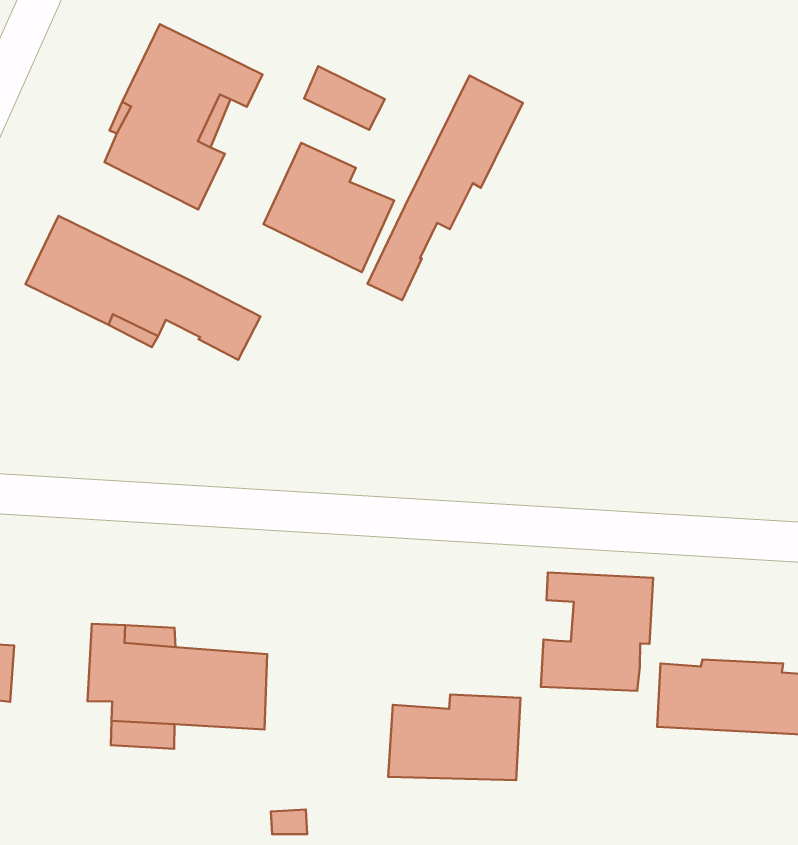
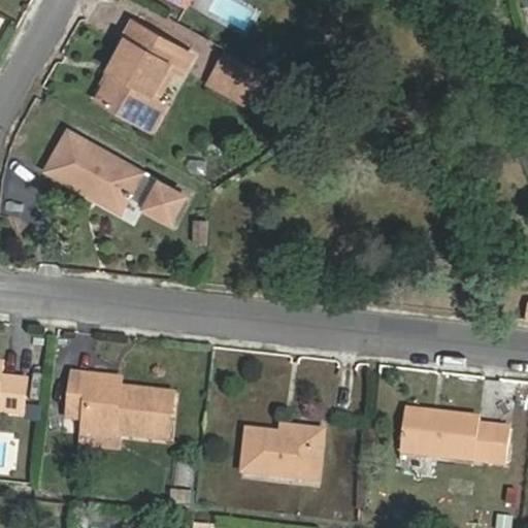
building: [367,76,523,300] -> none
building: [263,143,394,272] -> none
building: [541,573,653,691] -> none

